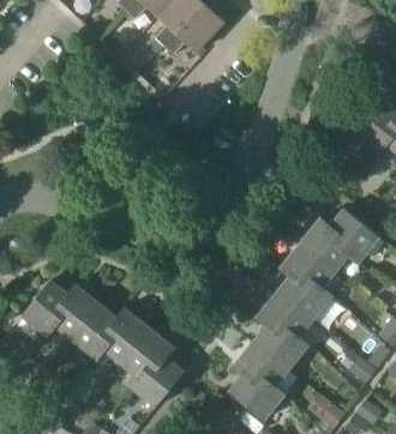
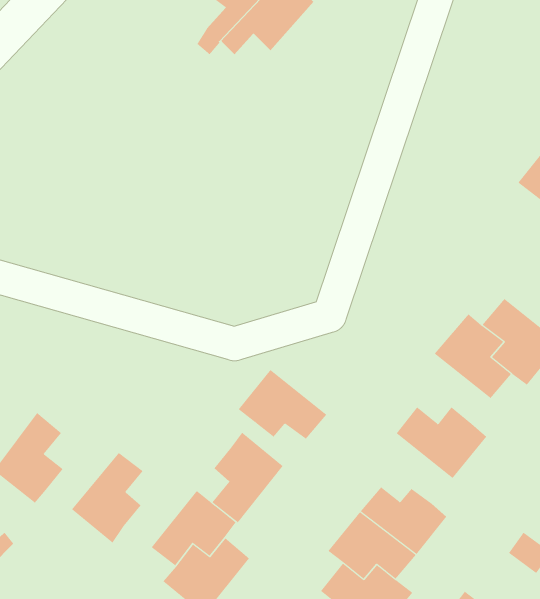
building: [278,242,335,287] -> none
building: [53,283,100,340] -> none
building: [254,293,311,337] -> [238,369,327,440]
building: [103,307,149,364] -> [211,432,284,523]

